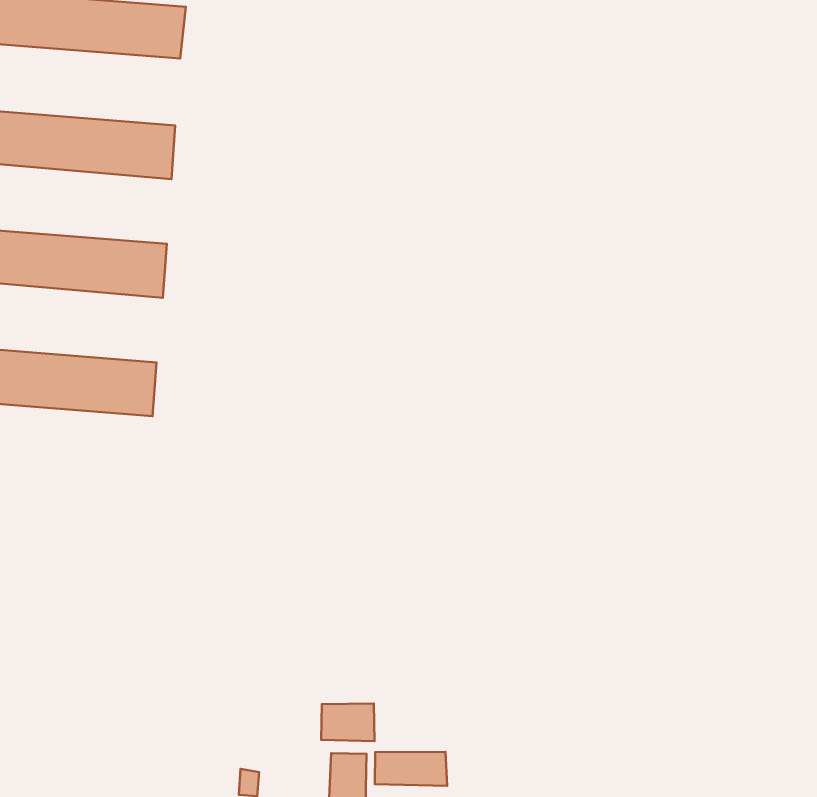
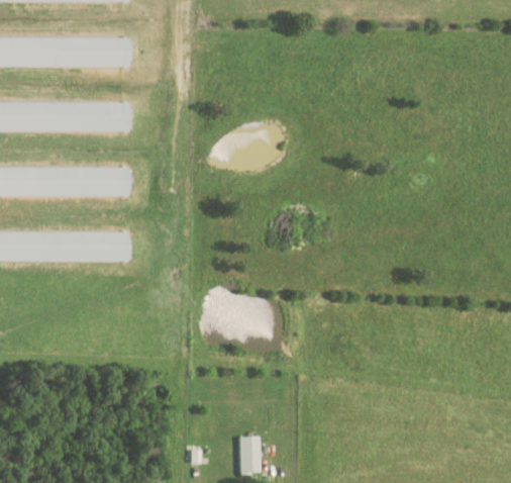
building: [321,703,375,741] -> none
building: [375,752,447,786] -> none

